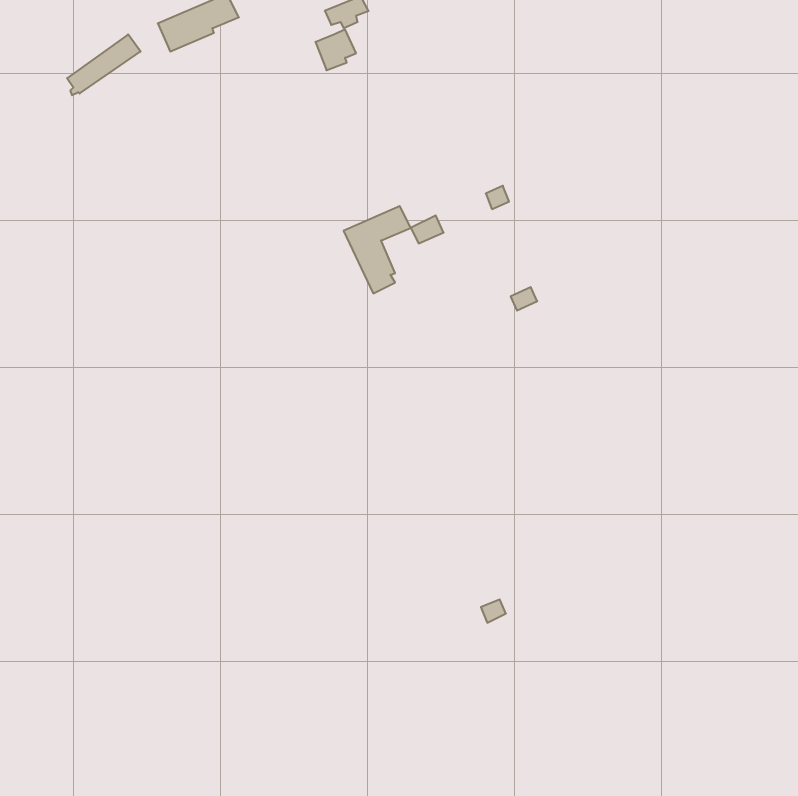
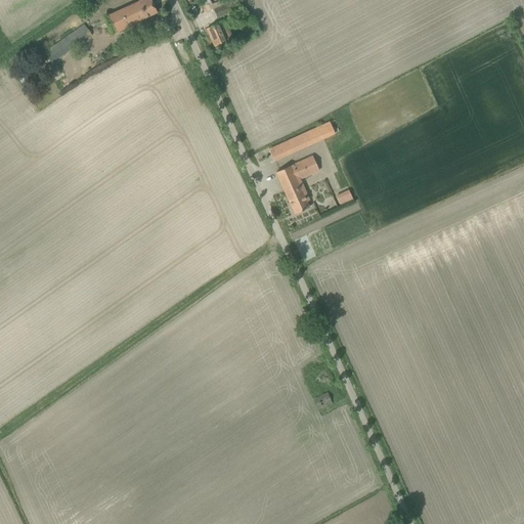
building: [344,206,411,293] -> [275,156,319,213]

